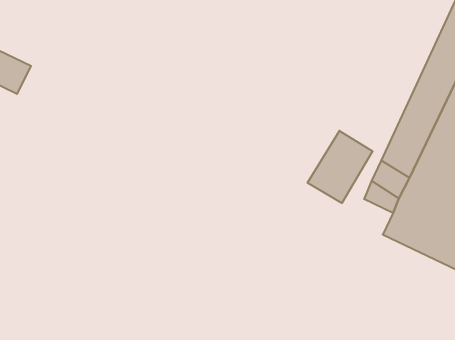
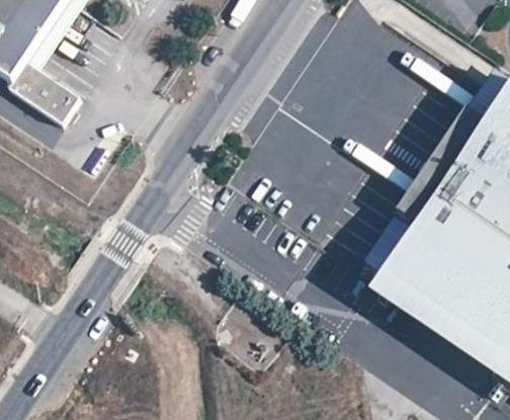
building: [308,131,373,203] -> none

